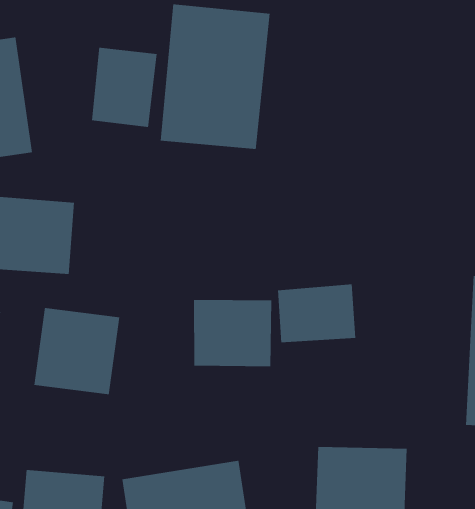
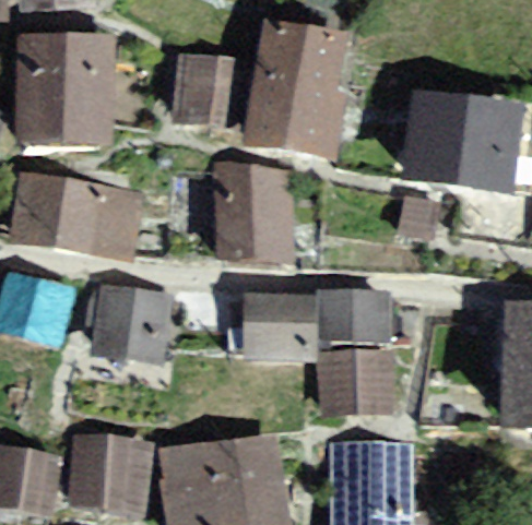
building: none -> [382,91,506,196]
building: none -> [203,159,291,259]
building: none -> [317,349,389,420]

